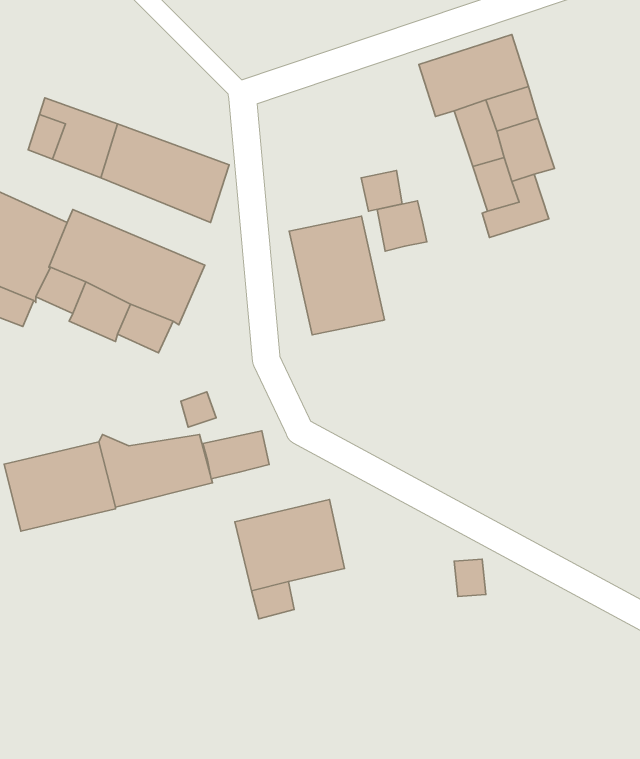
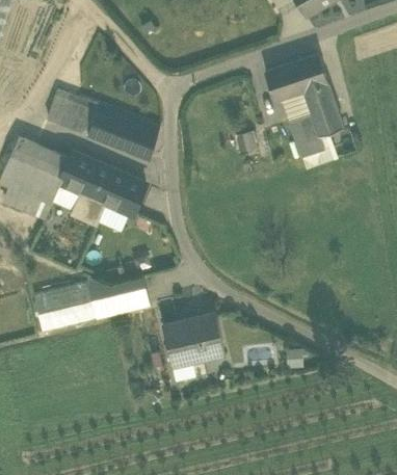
building: [377,201,427,251] -> none
building: [289,216,384,335] -> none
building: [203,431,269,479] -> none

